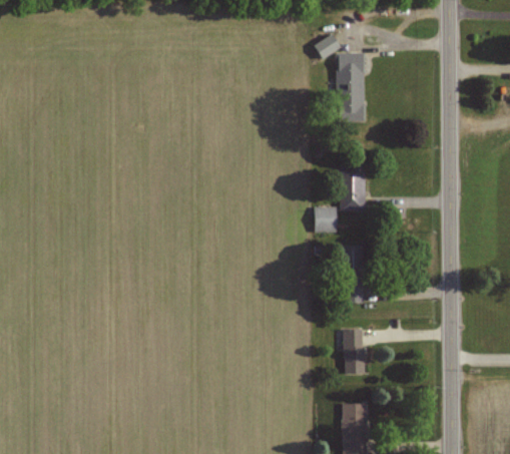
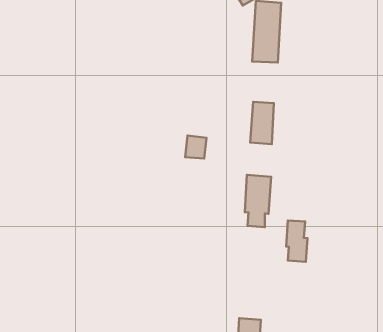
building: [315,207,337,232] -> [185,135,207,158]
building: [343,330,366,374] -> [286,220,308,262]

